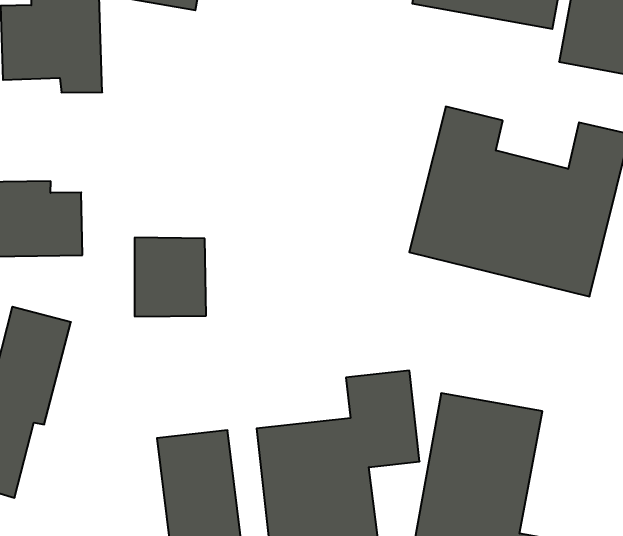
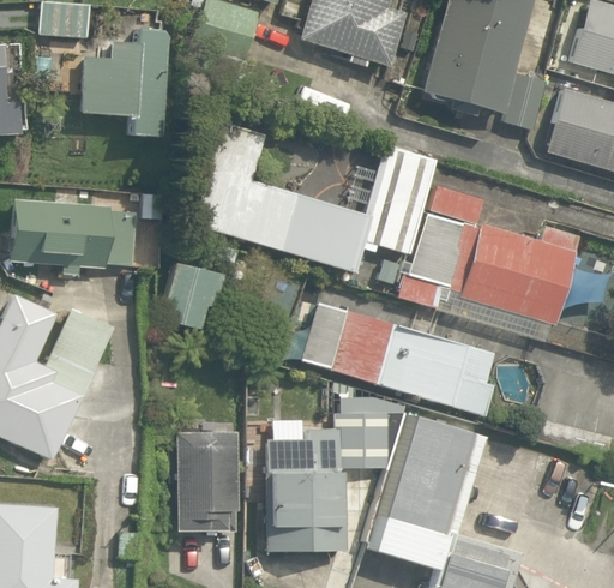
building: none -> [193,133,441,274]
building: none -> [293,284,502,416]

